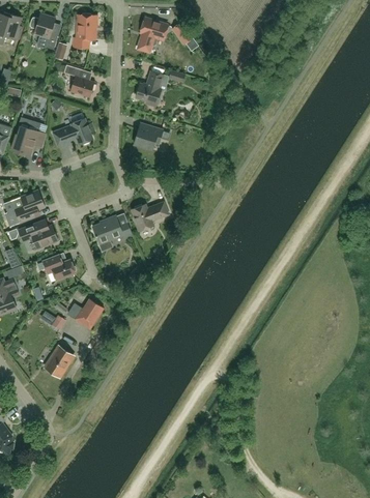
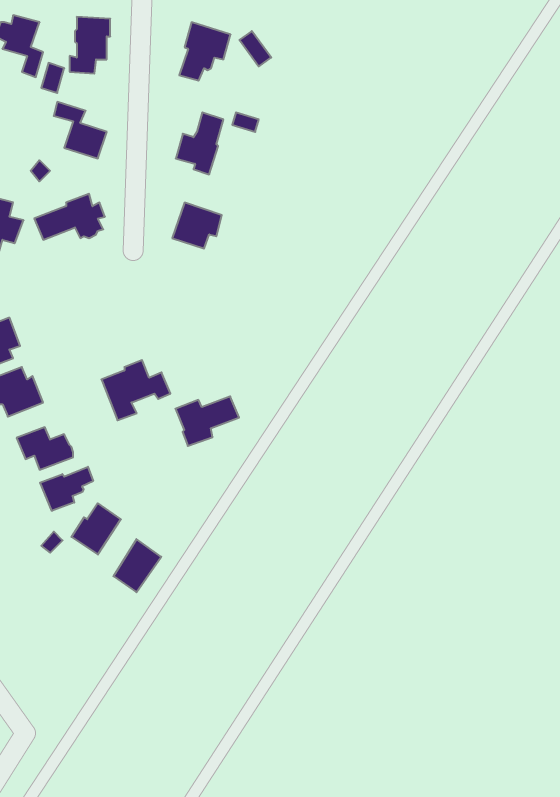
building: [131,202,168,231] -> [175,396,239,446]
building: none -> [40,467,93,511]
building: [45,346,73,377] -> [113,539,161,592]

